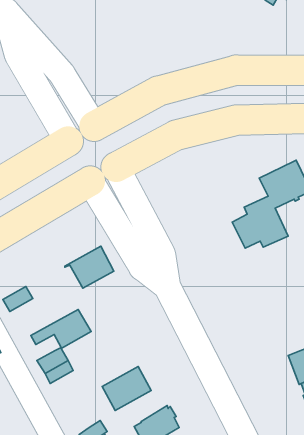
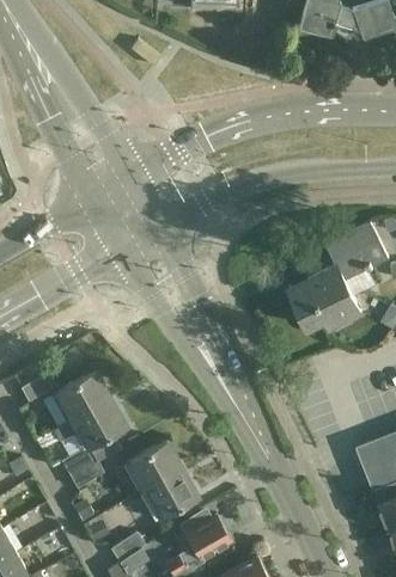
building: [65,246,114,288] -> [51,370,110,421]
building: none -> [123,441,182,492]

